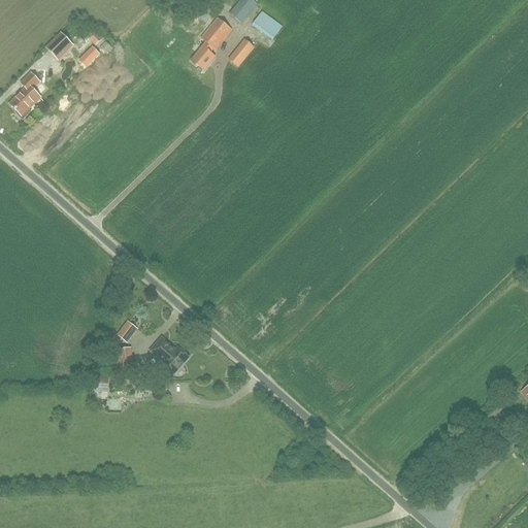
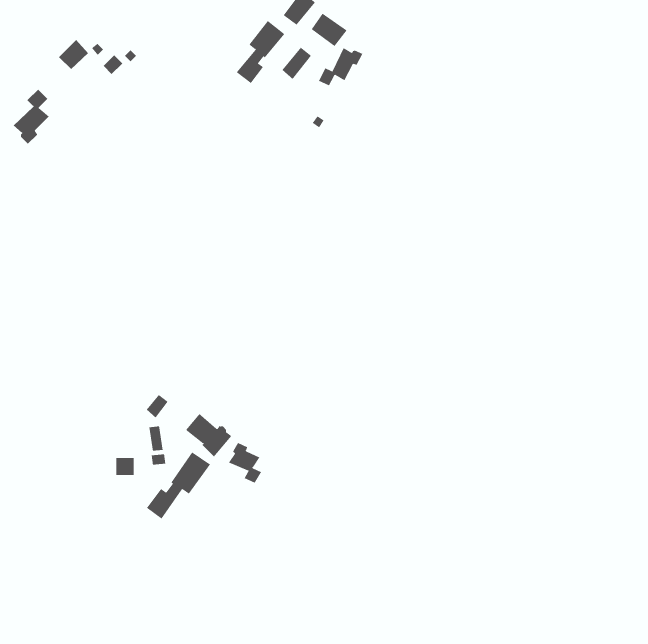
building: none -> [318,47,363,86]
building: none -> [228,442,262,484]
building: none -> [146,452,211,519]

